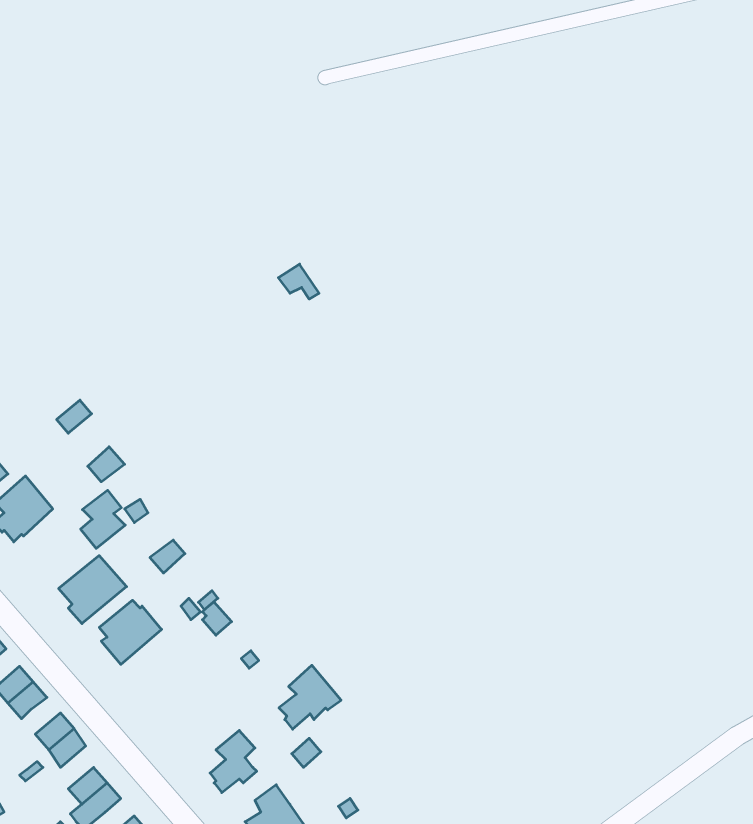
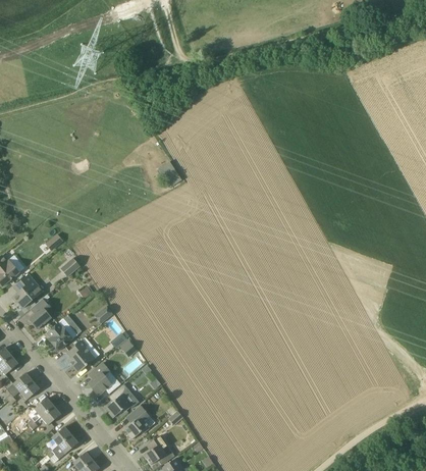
building: [81,490,125,548] -> [29,298,52,328]
building: none -> [88,362,117,395]
building: [279,665,341,729] -> [106,383,139,417]

